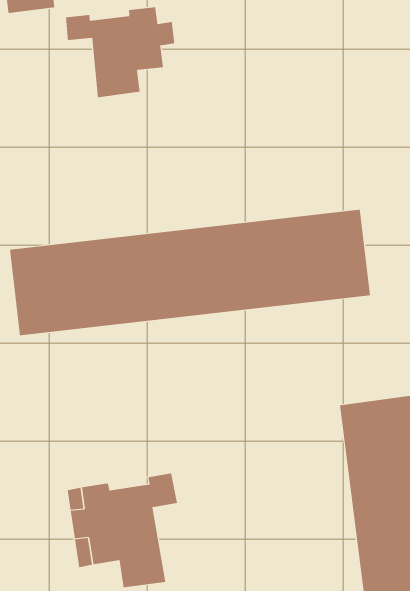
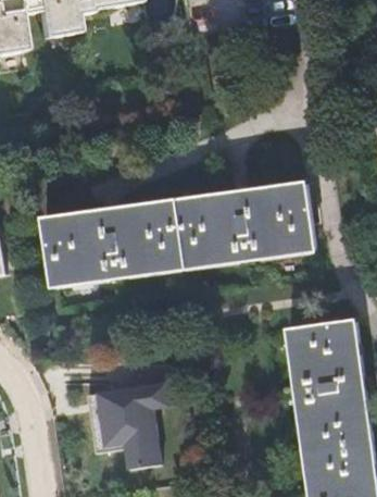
building: [66,6,175,98] -> none

